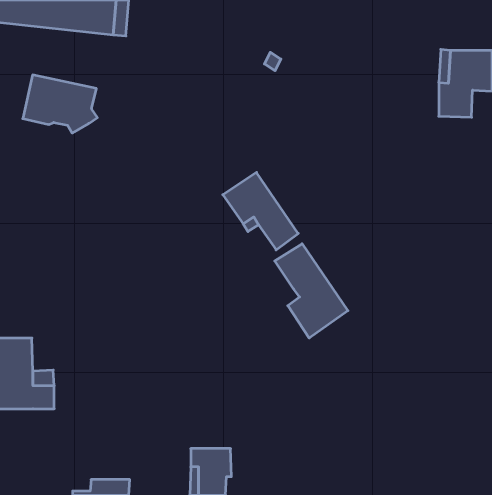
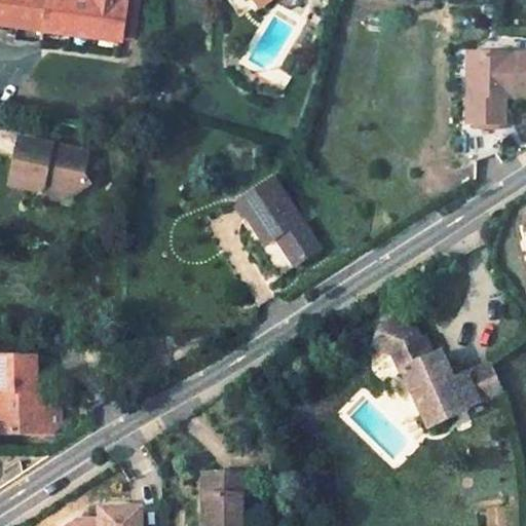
building: [23,75,97,133] -> [7,136,86,197]
building: [275,244,348,338] -> none
building: none -> [375,332,503,433]

